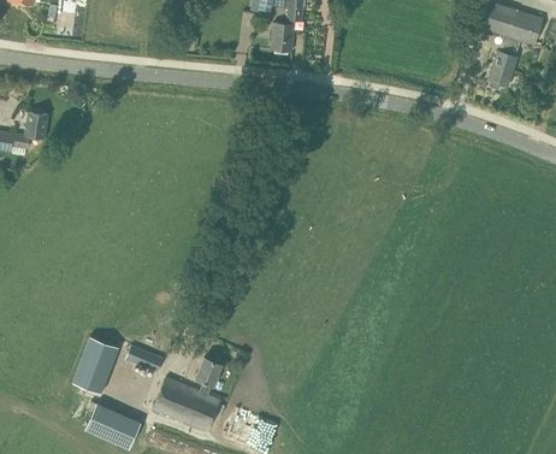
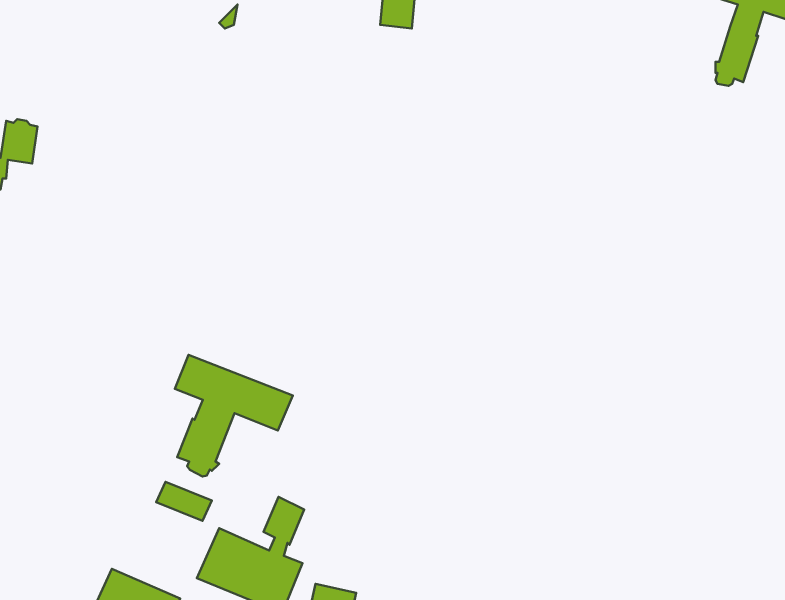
building: none -> [175,355,293,476]
building: [72,336,118,391] -> none

